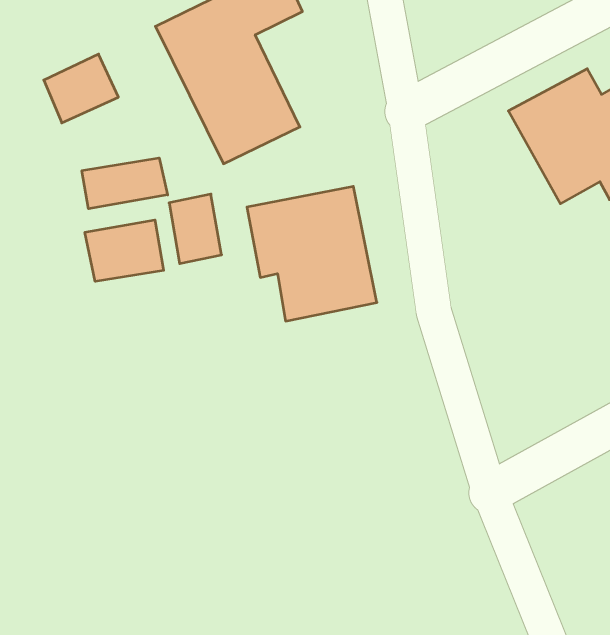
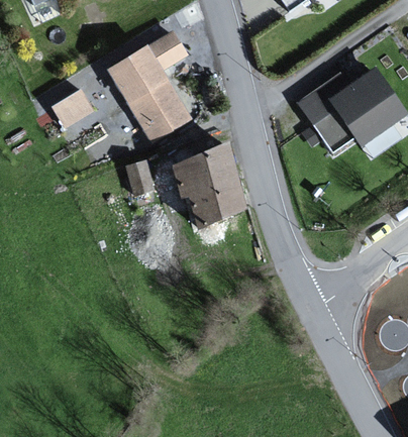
building: [82,158,168,209] -> none
building: [85,220,164,281] -> none

